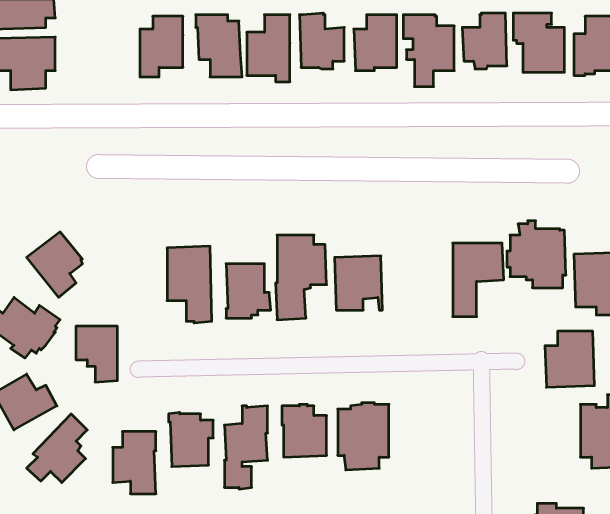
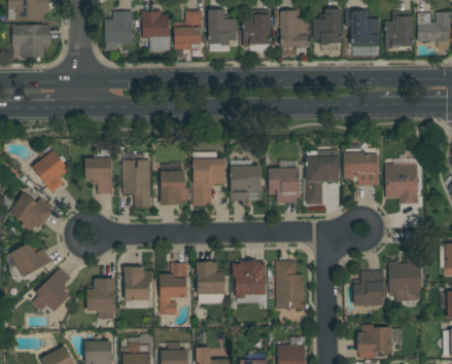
building: none -> [269,168,300,204]
building: [76,326,117,382] -> [85,158,112,194]
building: [545,331,594,387] -> [353,270,385,306]
building: none -> [276,260,305,310]

